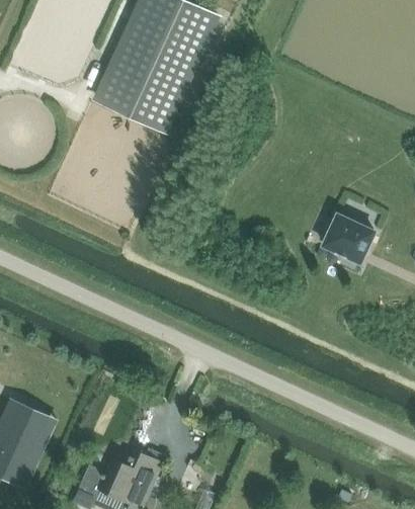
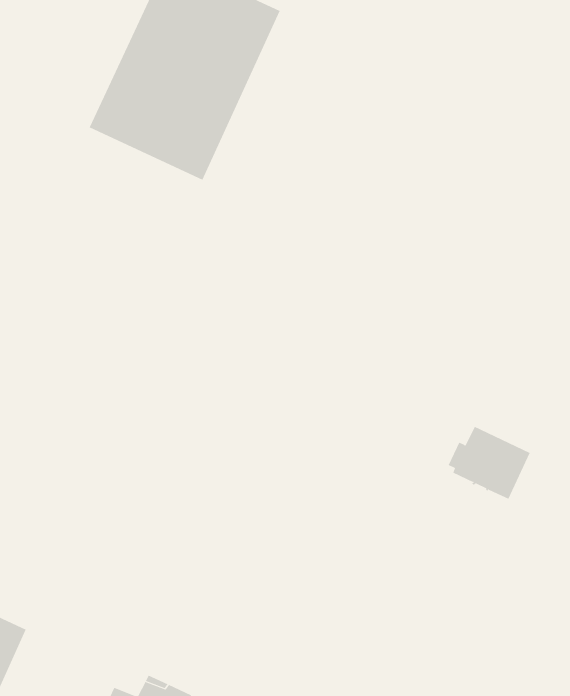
building: [321,216,375,263] -> [448,426,531,499]

